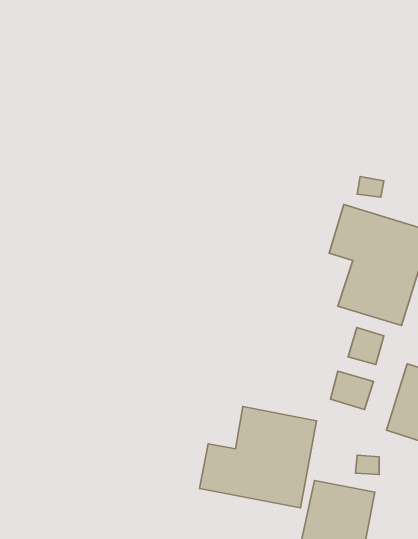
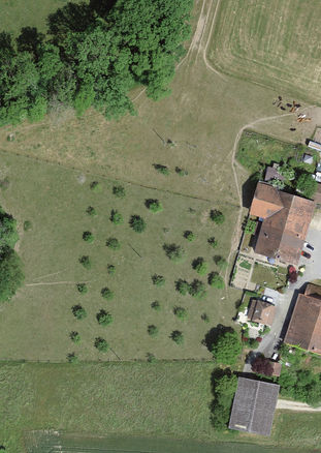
building: [348,327,384,364] -> none
building: [200,407,316,508] -> none

